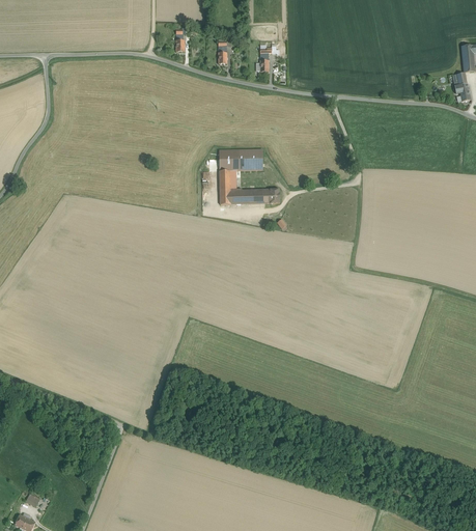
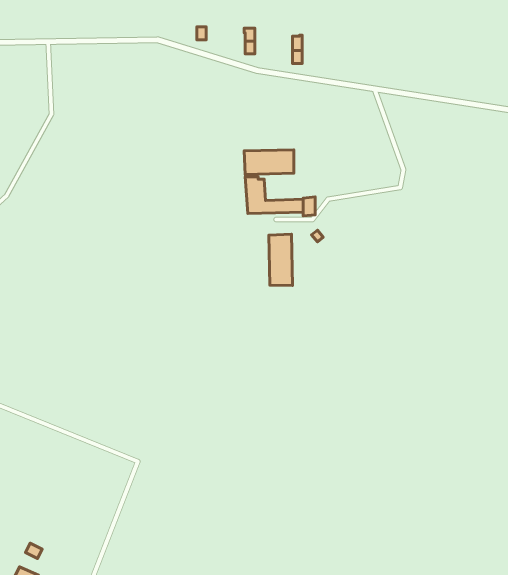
building: none -> [269,234,292,285]

